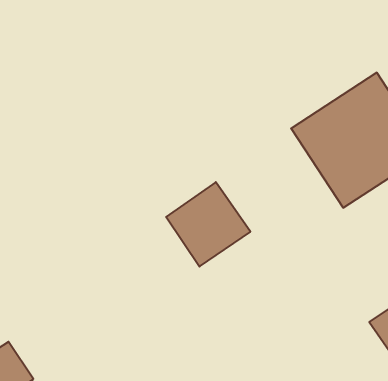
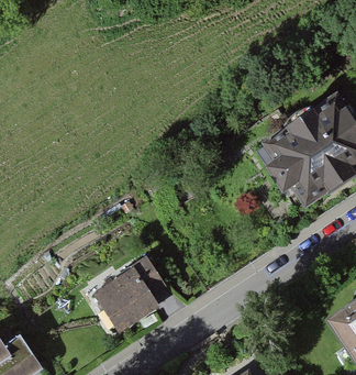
building: [166,182,250,267] -> [89,261,164,335]

